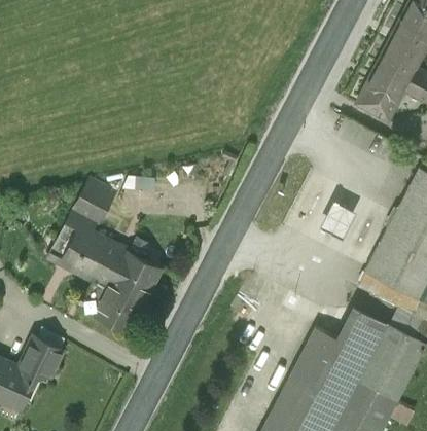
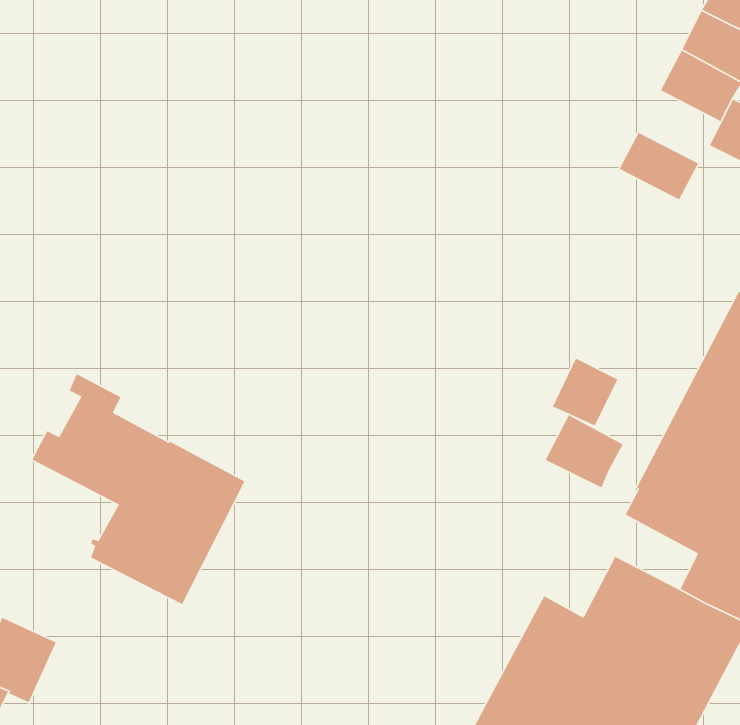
building: [368,61,412,99] -> none
building: [74,177,116,222] -> none
building: none -> [544,414,624,489]

